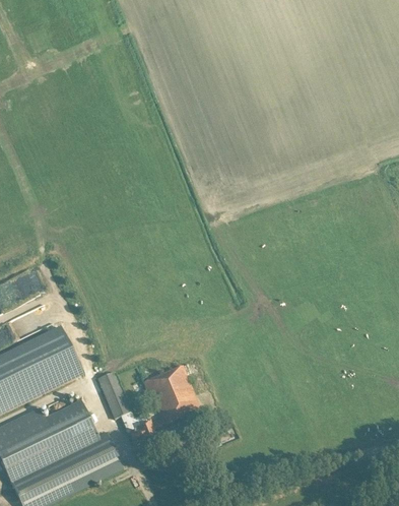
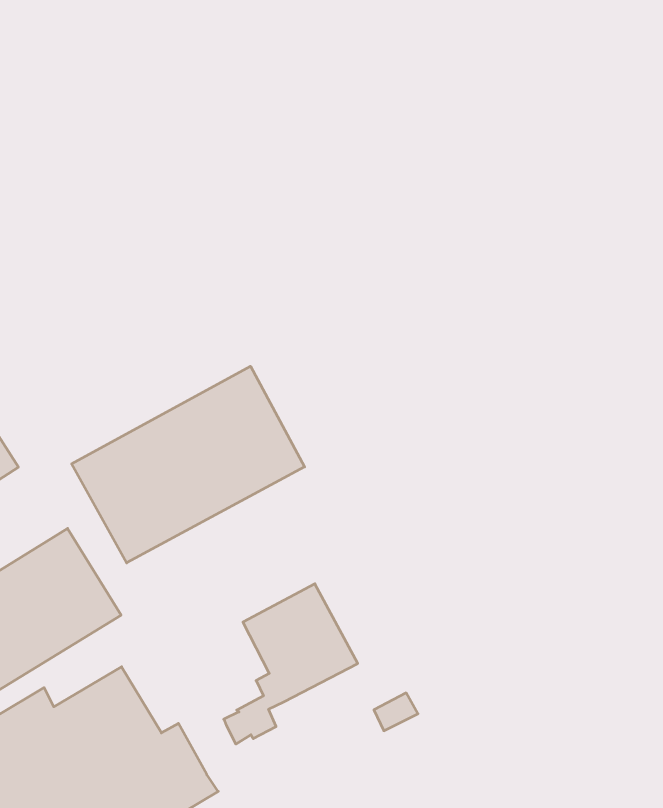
building: none -> [72,366,305,563]
building: [97,371,131,418] -> none

